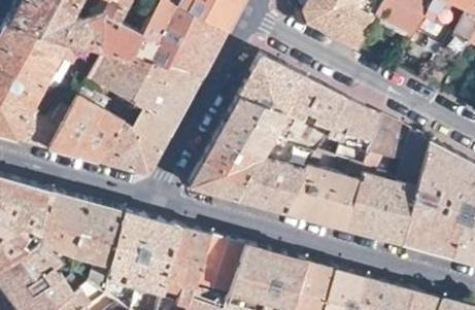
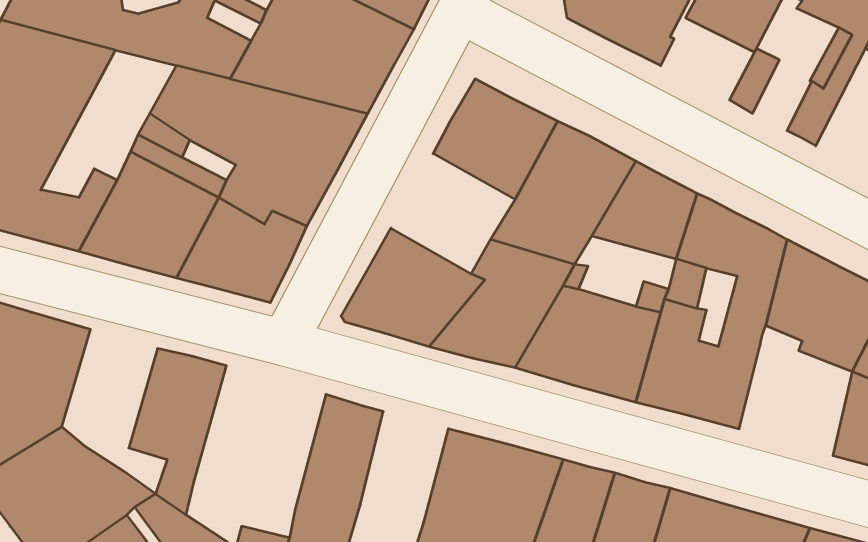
building: [215,96,282,161] -> none
building: [38,191,90,254] -> none
building: [403,199,464,259] -> none
building: [109,210,180,287] -> none
building: [199,235,246,295] -> none

